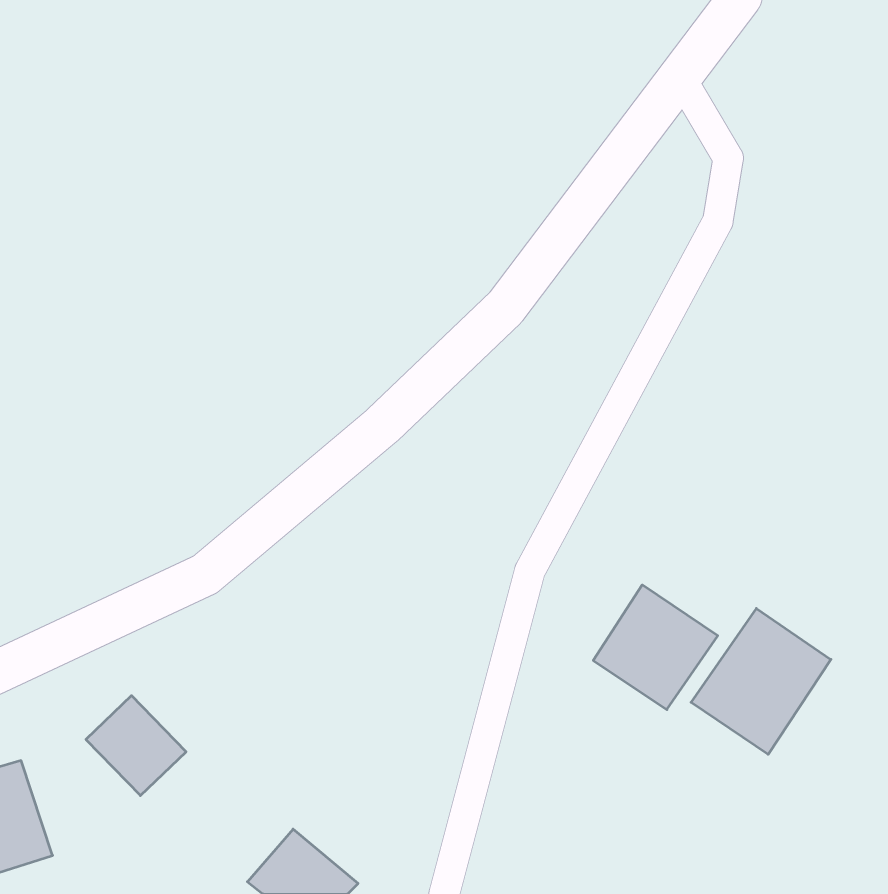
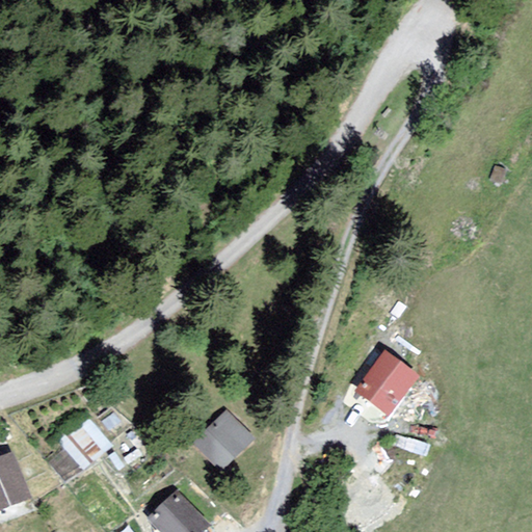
building: [691,608,831,754] -> none
building: none -> [189,411,249,472]

